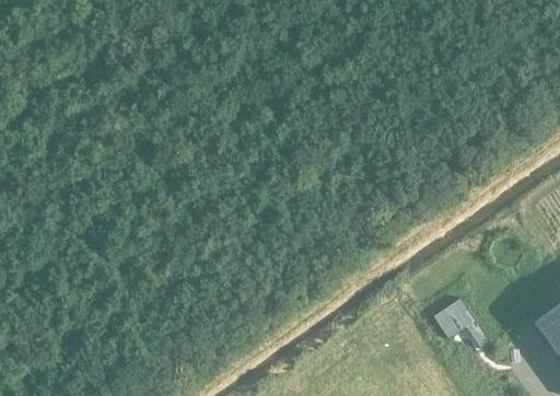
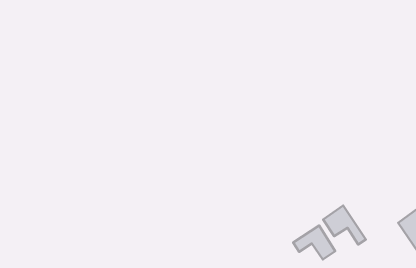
building: none -> [293,226,335,260]

